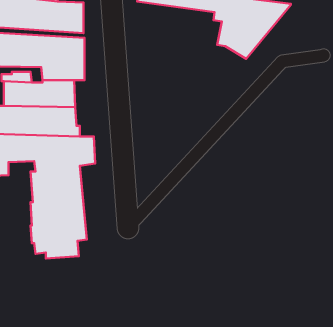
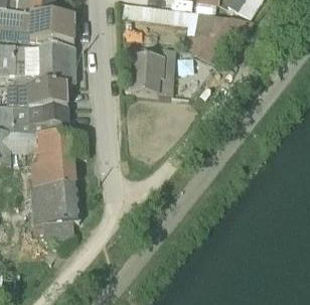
building: none -> [131,47,175,98]

